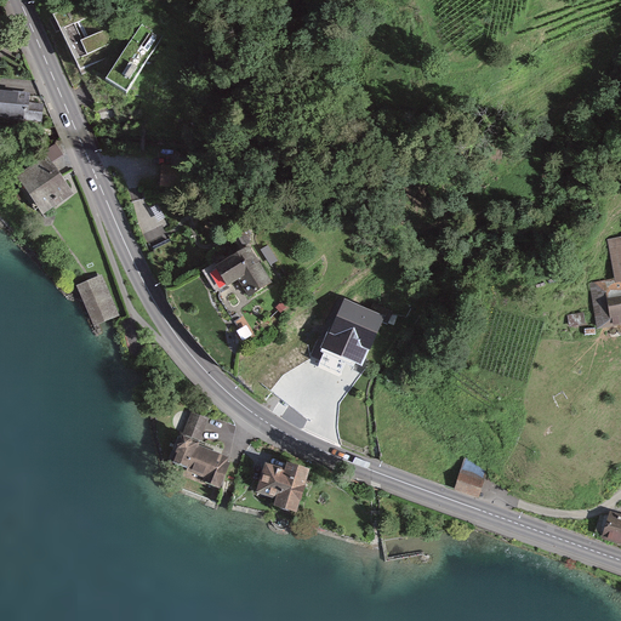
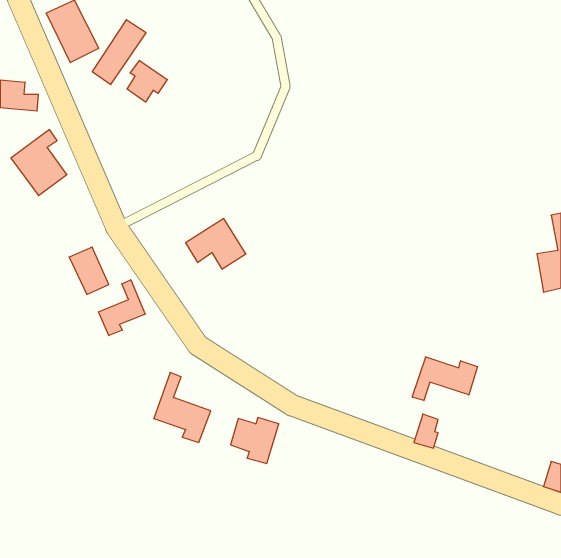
building: none -> [127,60,167,102]
building: [323,298,383,366] -> none
building: none -> [99,280,145,336]
building: none -> [412,357,478,401]

